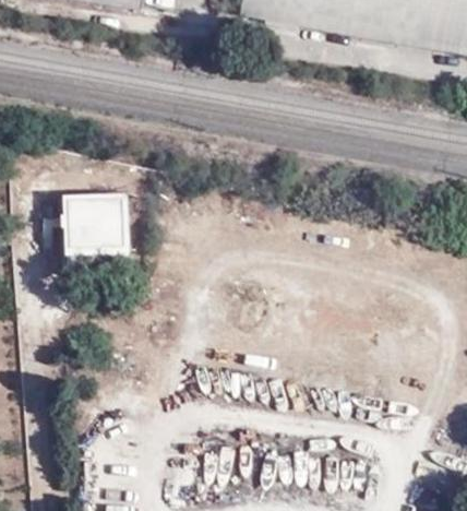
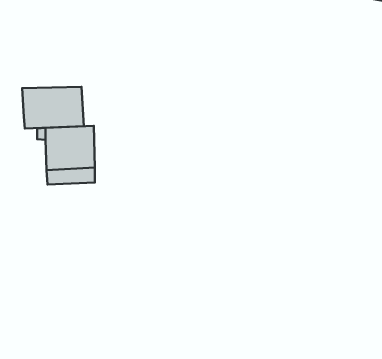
building: none -> [22,87,84,128]

